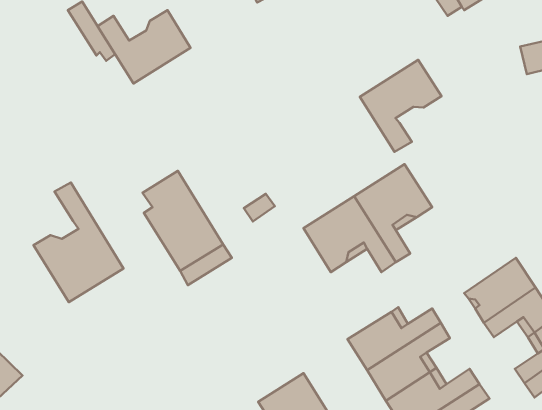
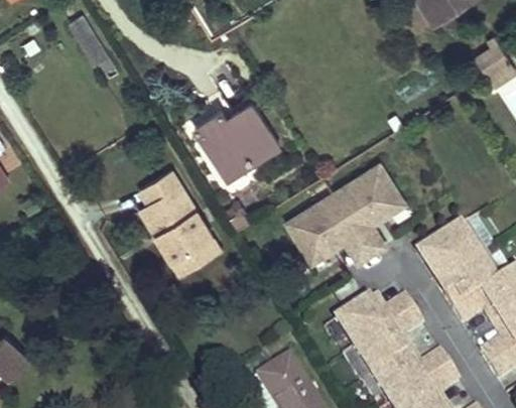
building: [98,10,191,84] -> none
building: [360,60,442,152] -> none
building: none -> [197,104,279,178]
building: [34,183,124,302] -> none
building: none -> [416,224,482,283]

